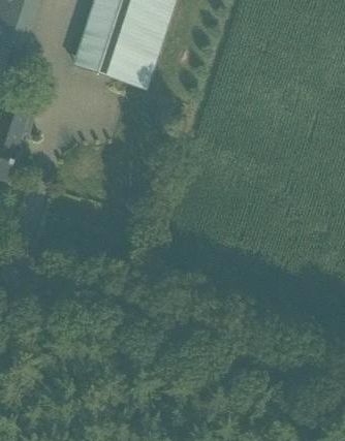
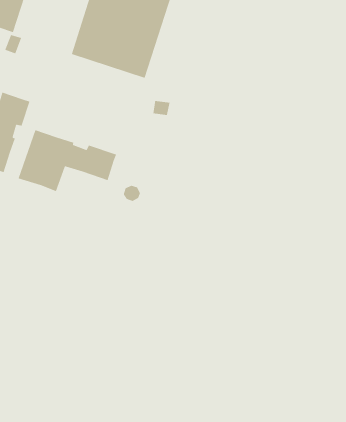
building: none -> [18,129,117,192]

